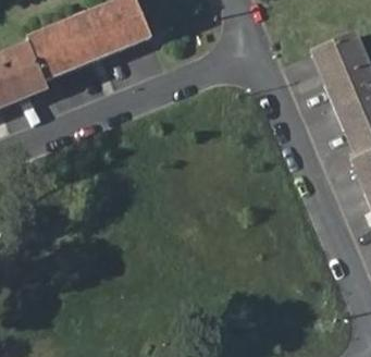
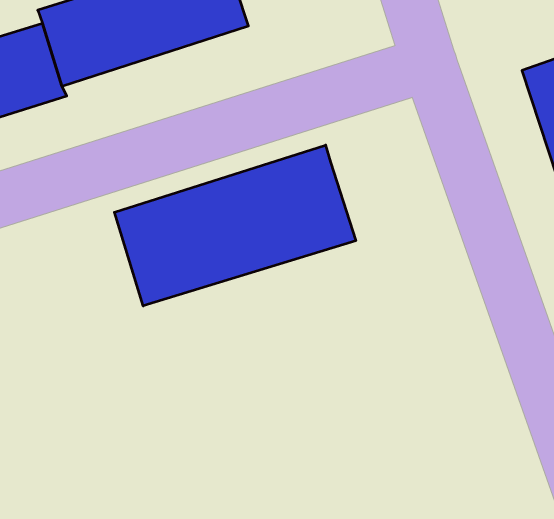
building: none -> [114,145,356,306]

